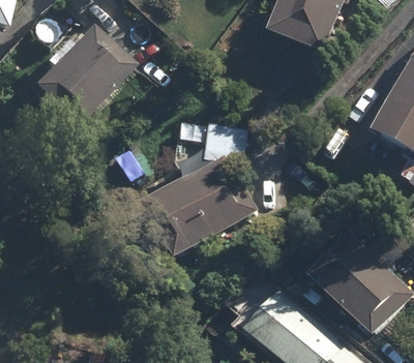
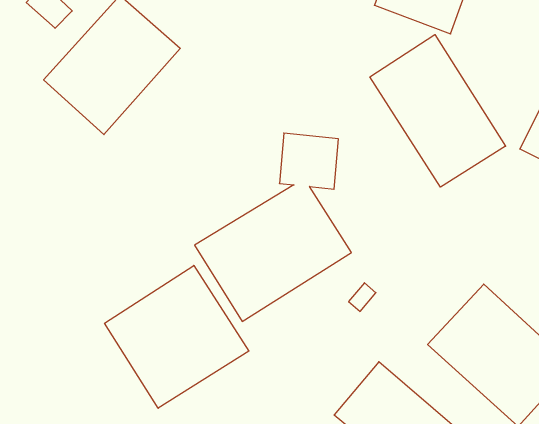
building: none -> [370,35,506,187]
building: none -> [105,265,249,408]

